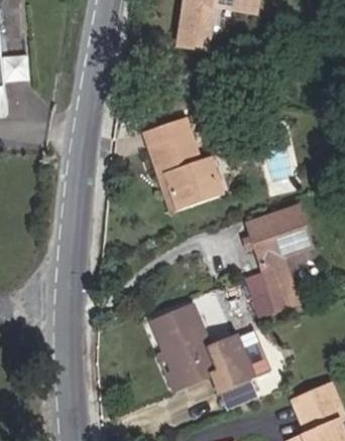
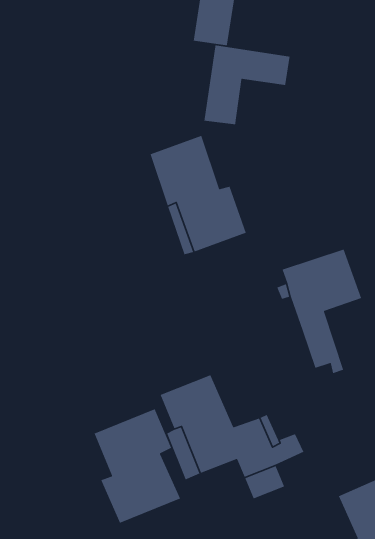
building: none -> [203,44,290,125]
building: [246,272,289,316] -> none
building: none -> [93,408,181,524]

